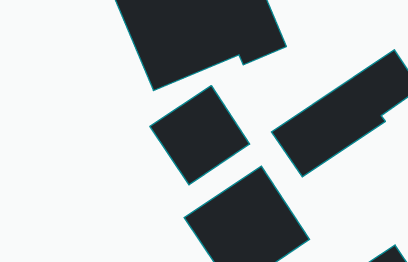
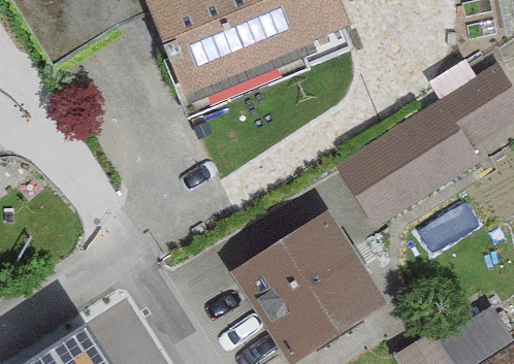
building: [150,86,250,185] -> none

